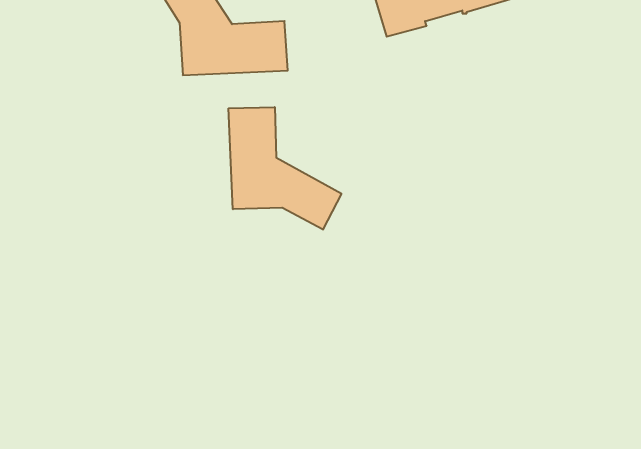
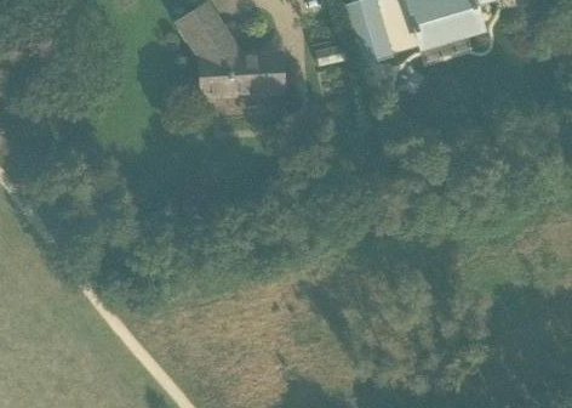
building: [229,107,341,230] -> none

